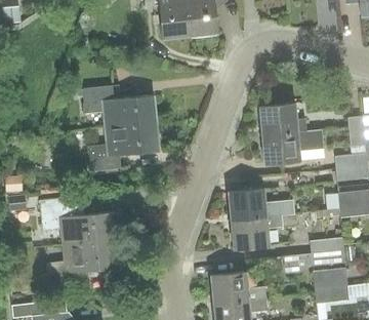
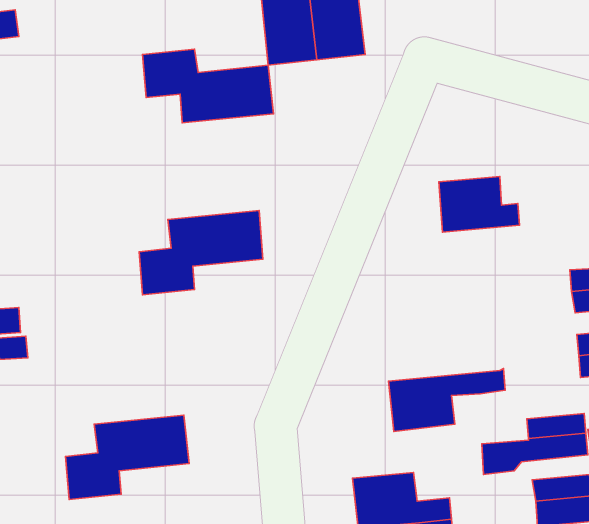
building: [82,85,157,127] -> [143,49,274,123]
building: [261,129,324,162] -> none
building: [228,188,294,219] -> none
building: [40,202,114,244] -> none

